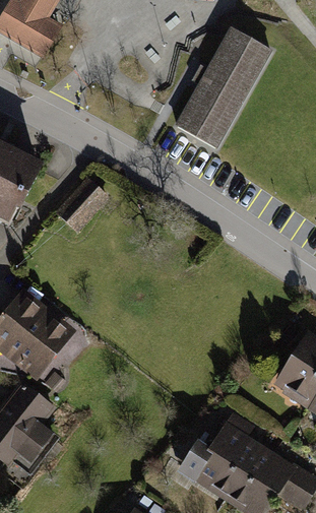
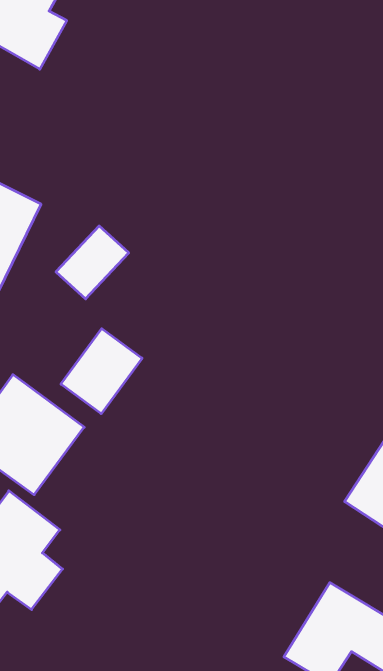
building: [175,26,275,145] -> none
building: none -> [61,329,142,414]
building: [179,413,261,500] -> none

